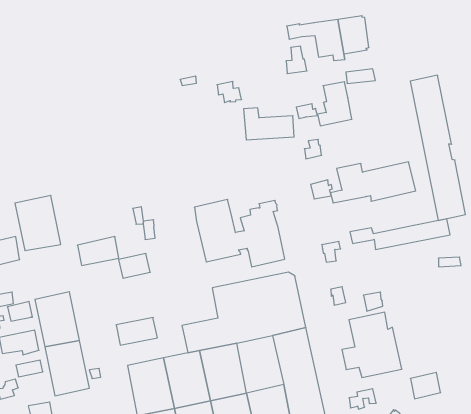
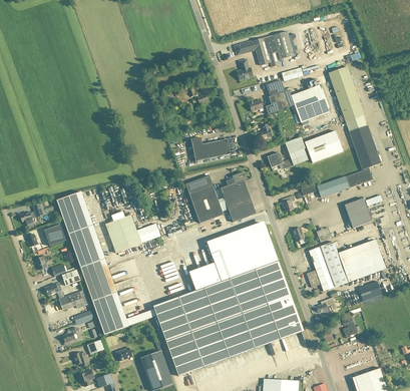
building: none -> [285,84,329,121]
building: [244,108,294,140] -> [190,136,230,160]
building: none -> [68,225,104,267]
building: none -> [344,198,371,228]
building: none -> [340,239,385,280]
building: [116,318,157,345] -> [110,229,141,252]
building: none -> [230,269,268,313]

